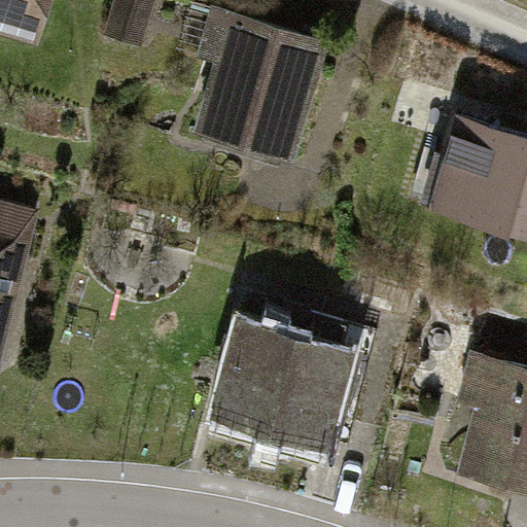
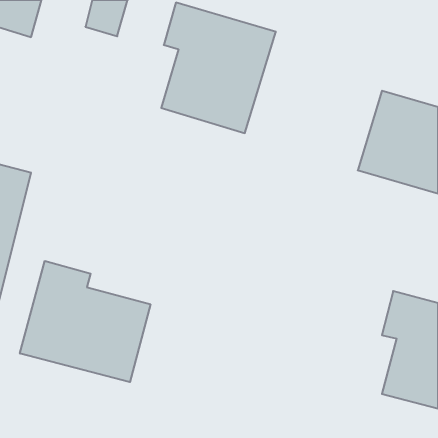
building: [209,310,376,457] -> none
building: none -> [20,261,150,382]

